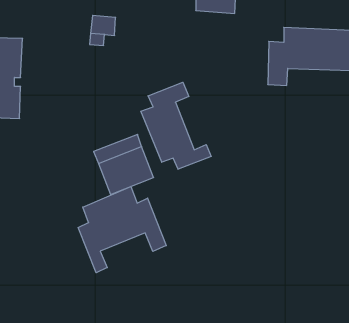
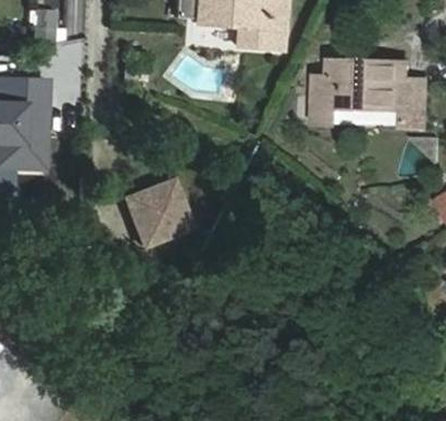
building: [141,82,211,169] -> none
building: [78,186,166,273] -> none

